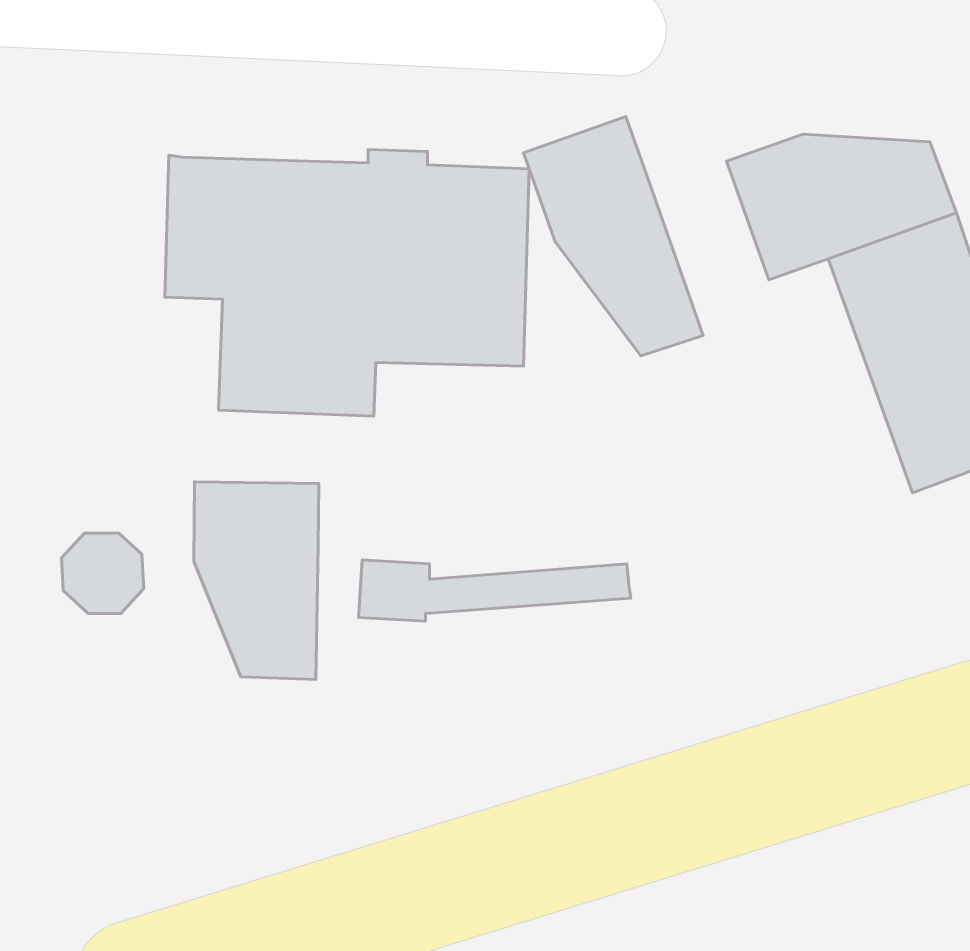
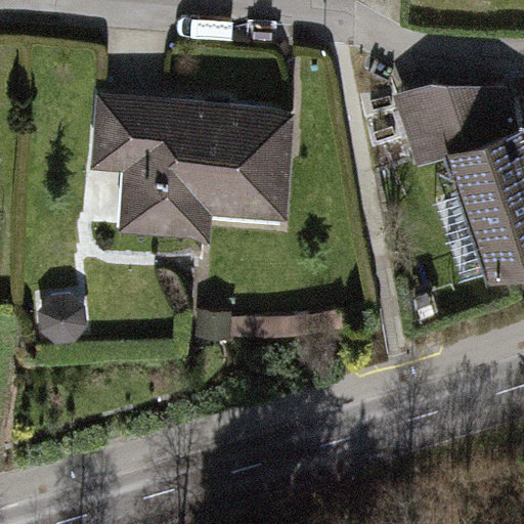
building: [523,117,703,356] -> none
building: [194,482,319,680] -> none

